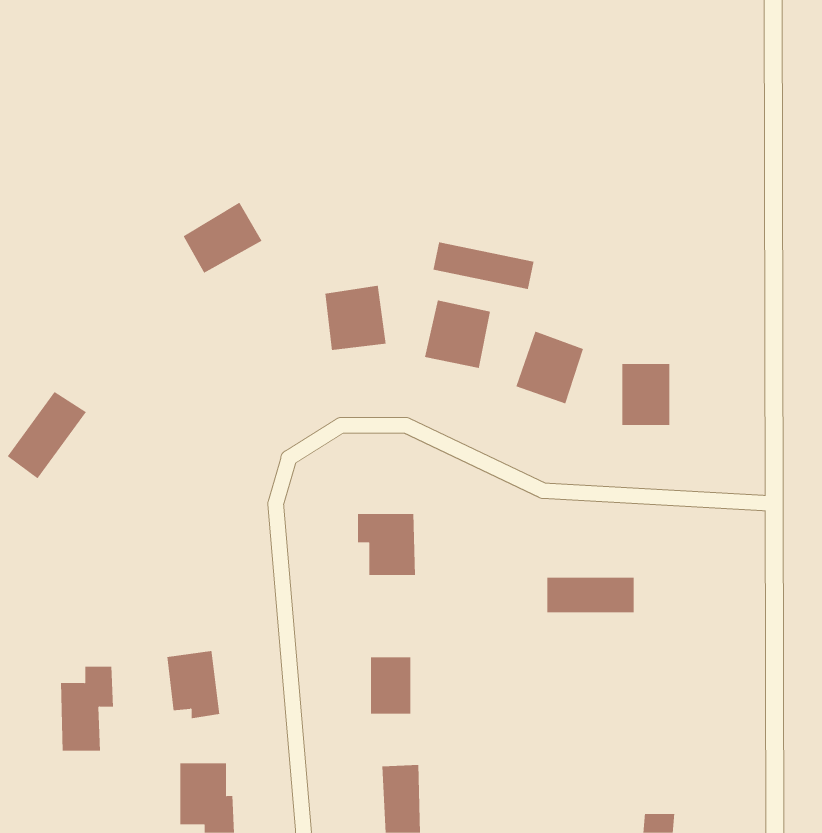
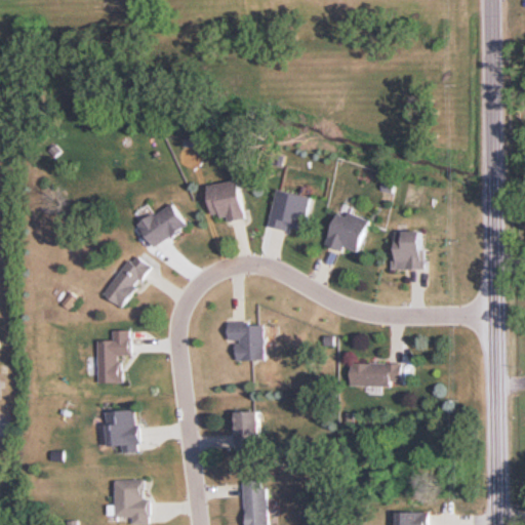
building: [183,202,263,274] -> [136,201,187,246]
building: [433,241,534,290] -> none
building: [7,391,87,479] -> [100,252,151,308]
building: [60,666,114,751] -> [95,329,129,382]

